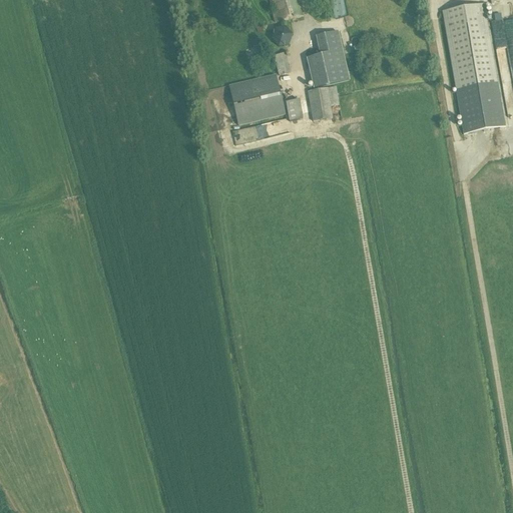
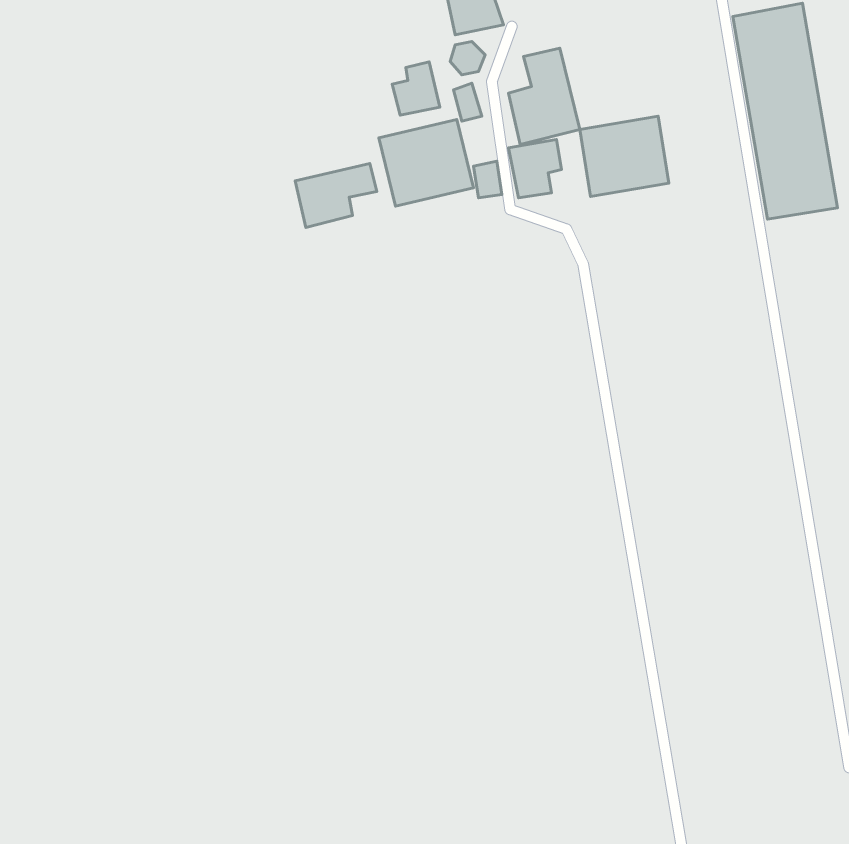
building: none -> [392,62,440,115]
building: none -> [580,116,669,197]
building: none -> [295,163,377,227]

